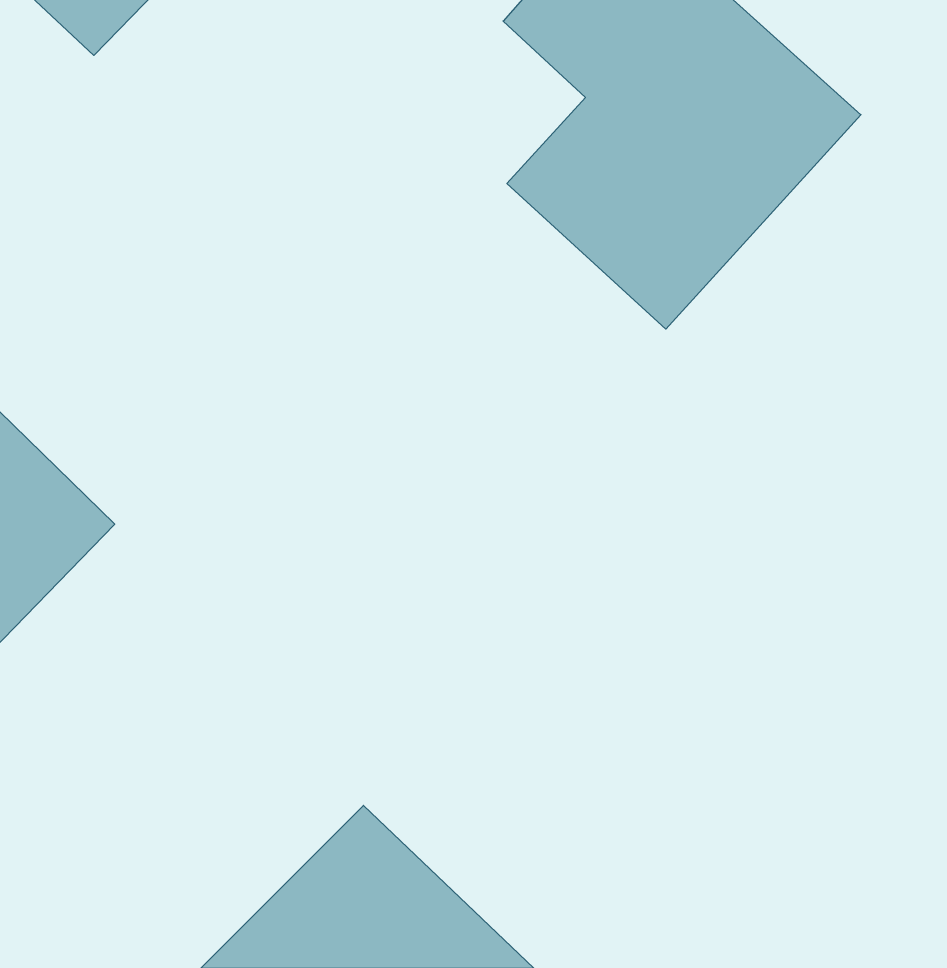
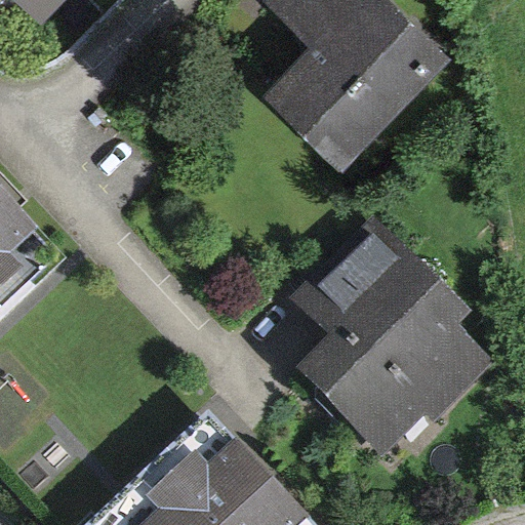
building: none -> [298,234,491,447]

